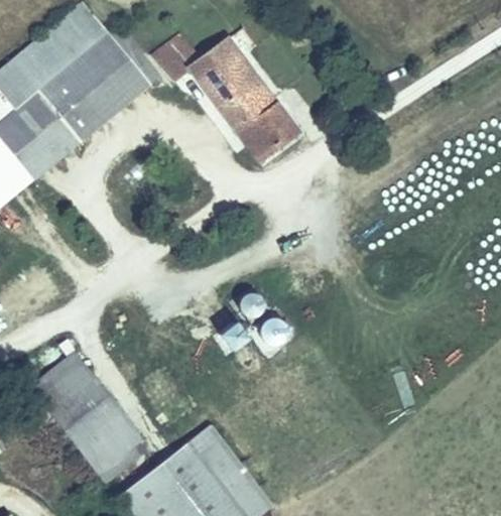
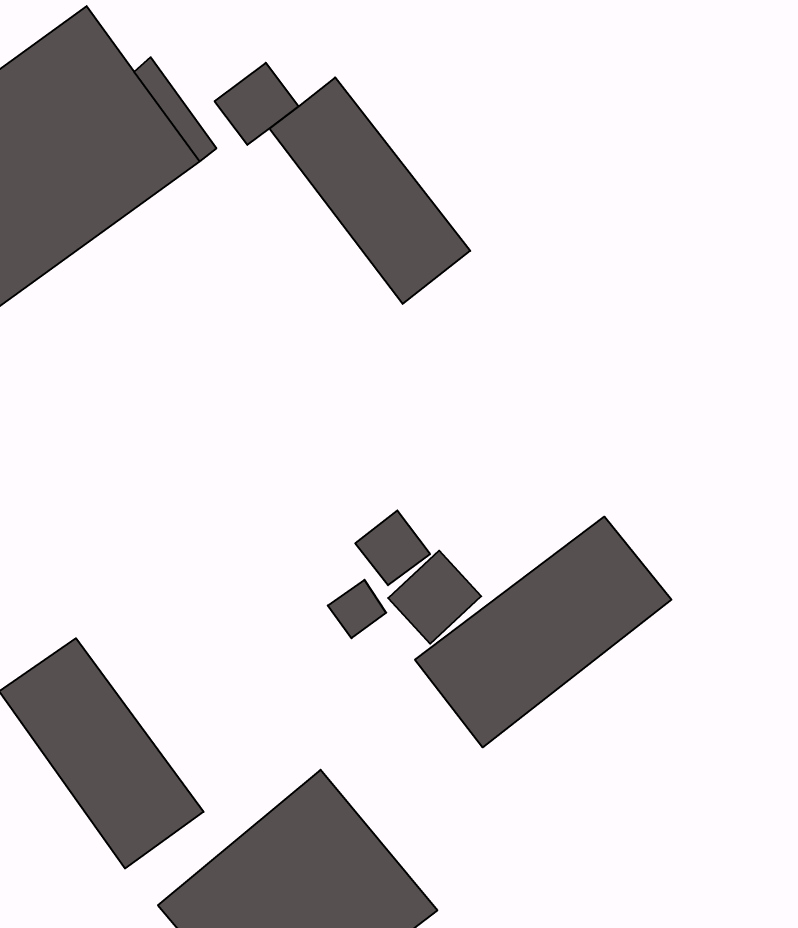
building: none -> [415,517,671,747]

